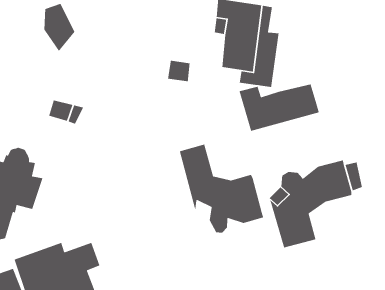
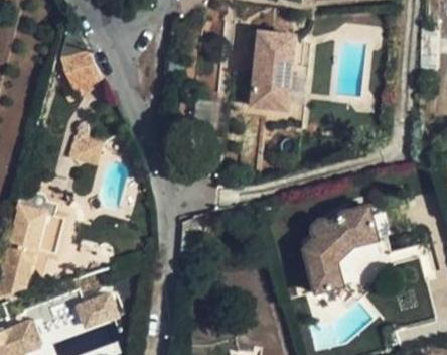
building: [238,84,320,132] -> none
building: [179,143,264,234] -> none

